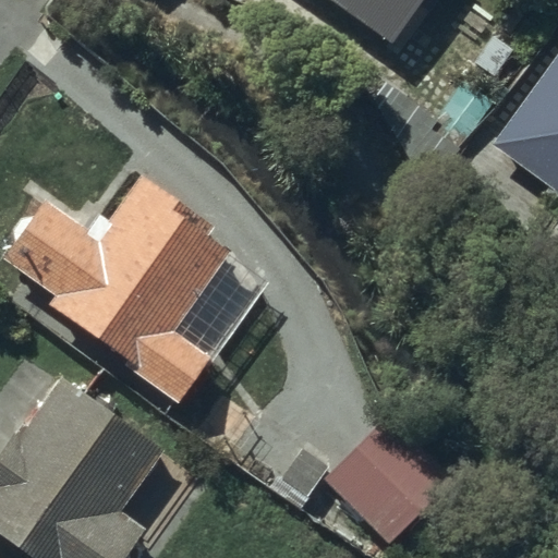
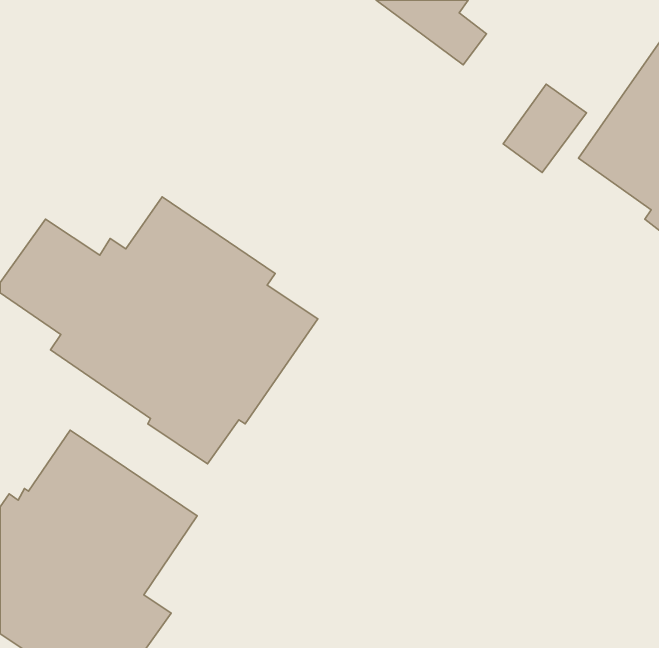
building: [323,412,458,547] -> none

